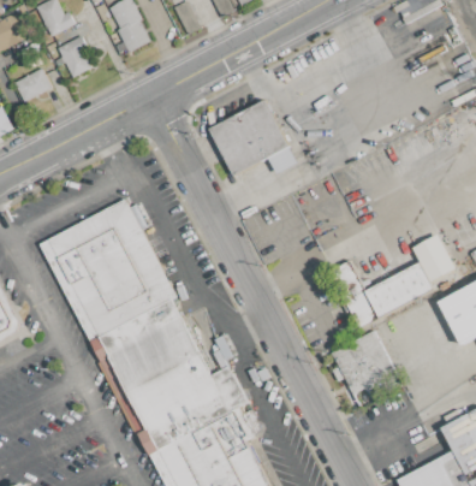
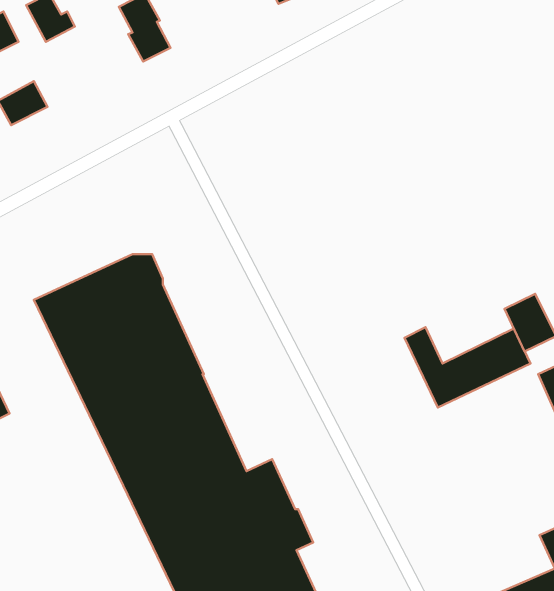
building: [56,35,90,77] -> none
building: [209,100,297,174] -> none
building: [331,331,395,396] -> none

